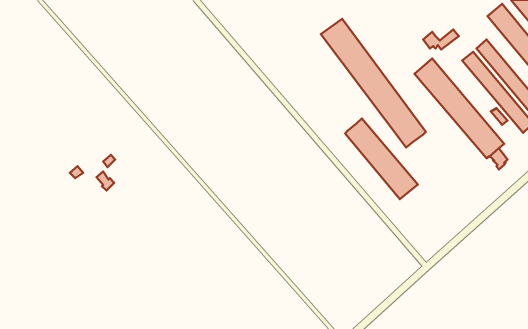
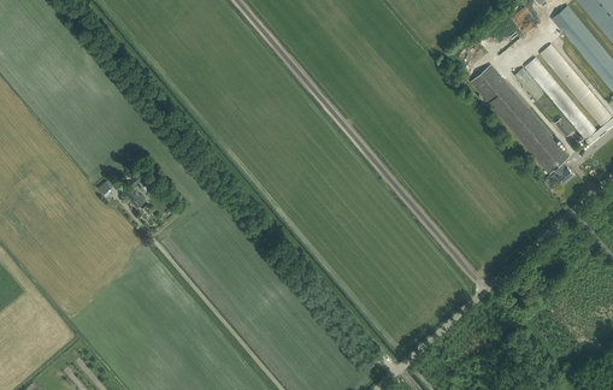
building: [321,19,426,148] -> none
building: [345,119,418,199] -> none

